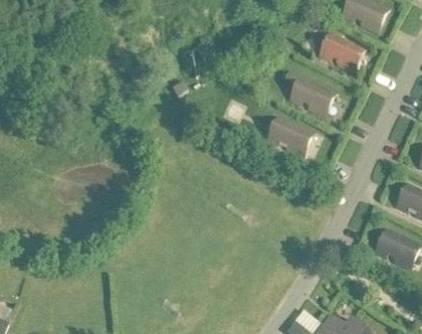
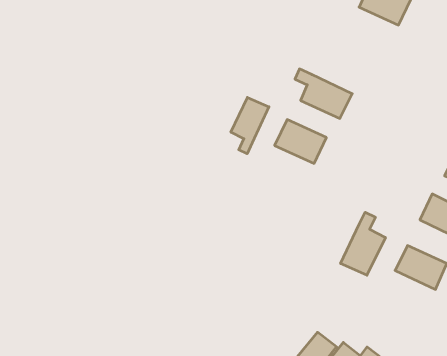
building: [319,31,365,70] -> none
building: none -> [231,97,269,154]
building: none -> [341,212,385,275]

